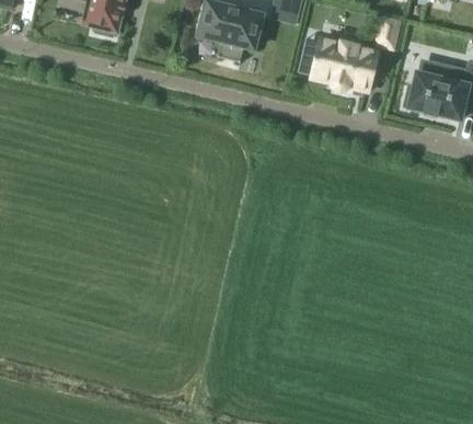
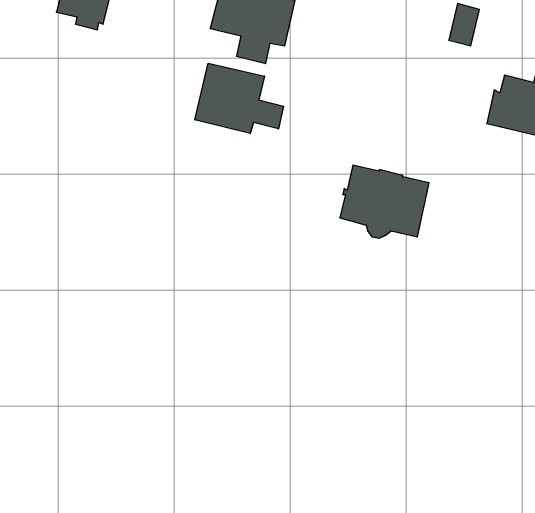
building: [311,37,378,92] -> [340,165,429,238]
building: none -> [195,63,284,134]

